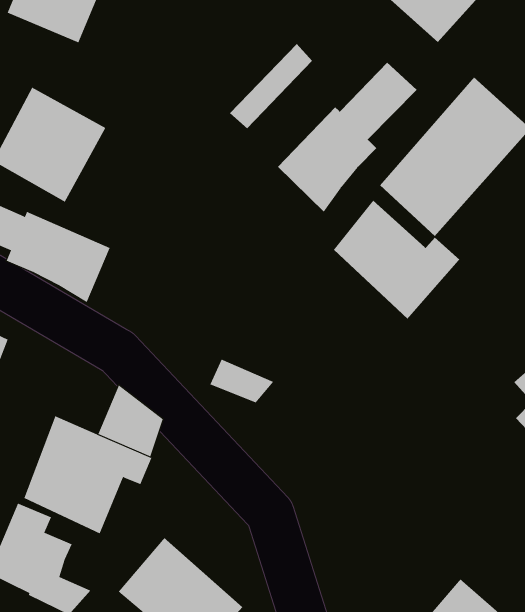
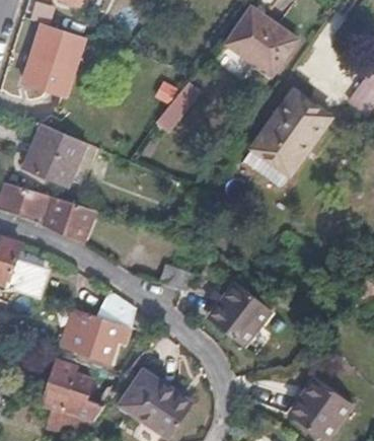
building: [277,62,417,213] -> none
building: [333,200,460,319] -> none
building: none -> [210,285,274,349]

